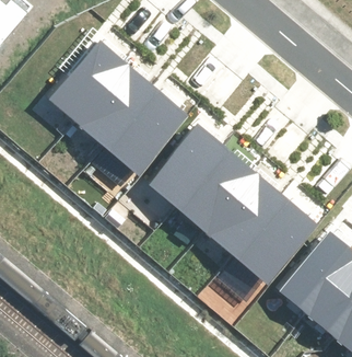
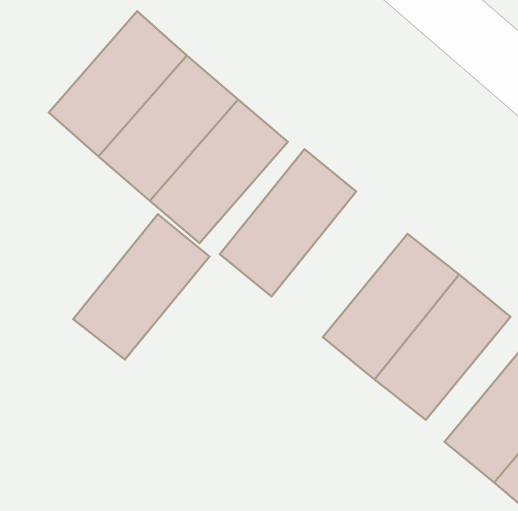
building: [178,147,259,233] -> [73,214,209,360]

